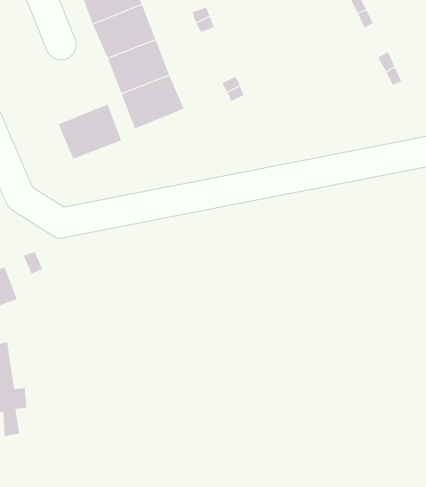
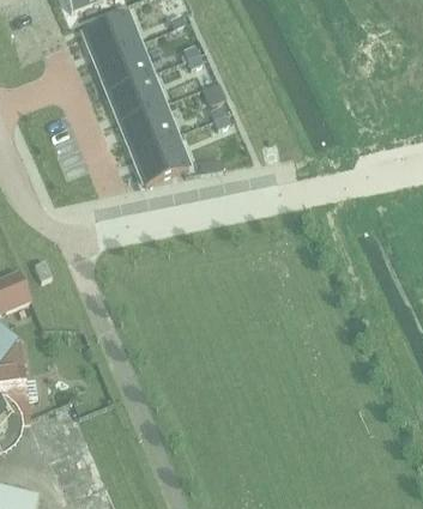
building: [58,104,122,160] -> [129,126,186,175]

